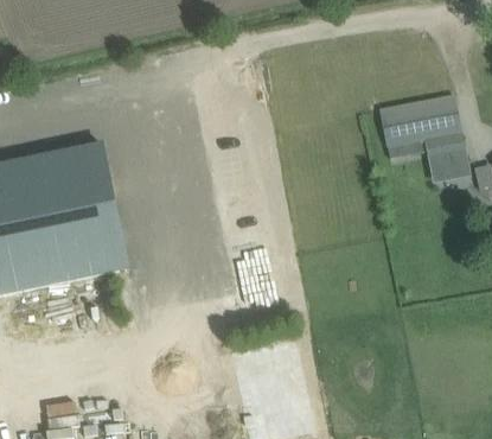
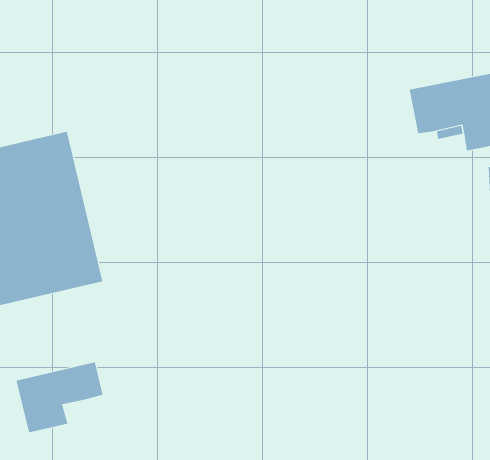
building: none -> [16,362,103,433]

